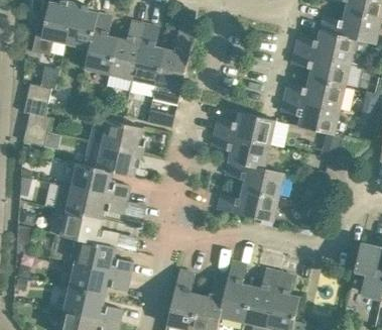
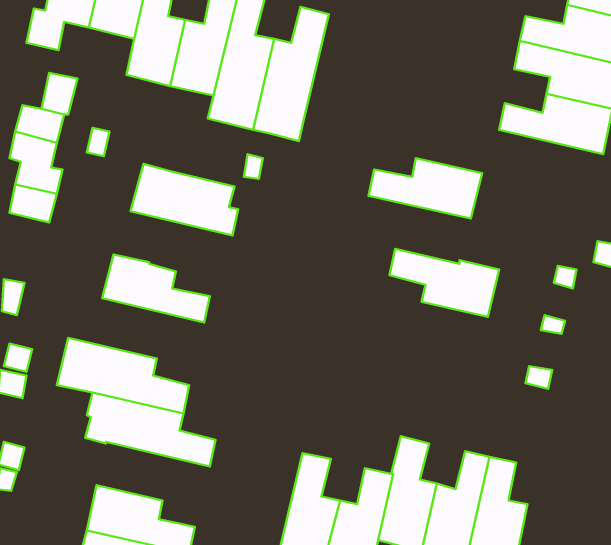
building: [281,97,340,134] -> none
building: [212,132,269,169] -> none
building: [85,140,142,177] -> none
building: [54,185,127,219] -> none
building: [218,189,278,222] -> none
building: [70,263,130,295] -> none

